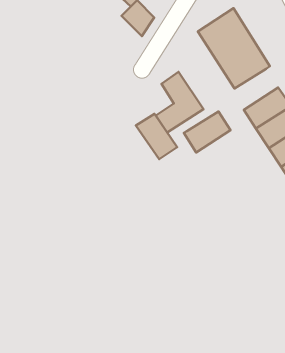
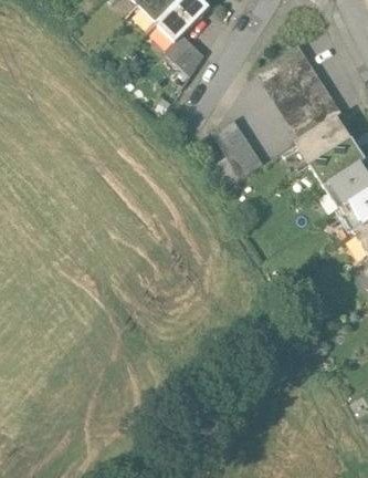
building: [184,111,231,153] -> [296,116,351,165]
building: [136,114,177,159] -> none

